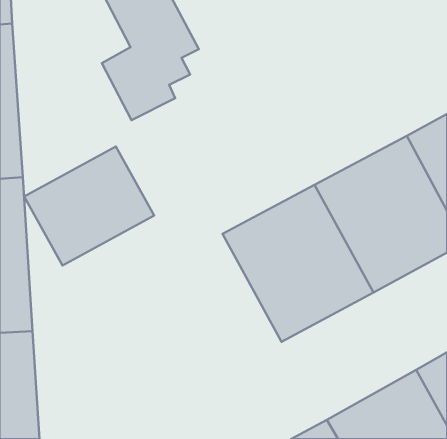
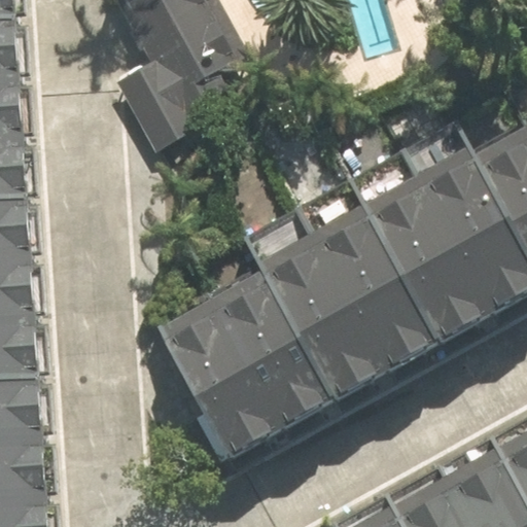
building: [24,146,154,265] -> none
building: none -> [153,275,330,459]

